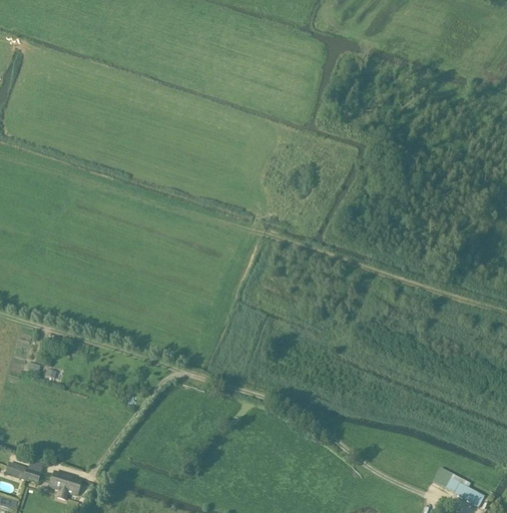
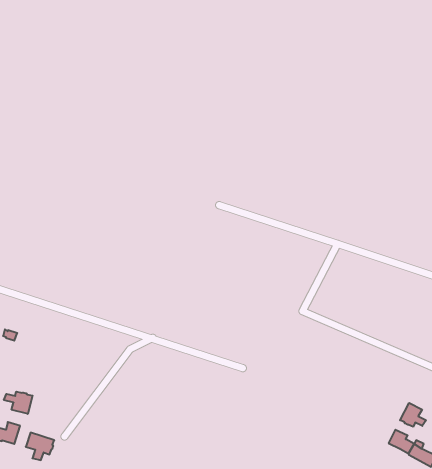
building: none -> [4,392,33,414]
building: none -> [400,403,426,427]

